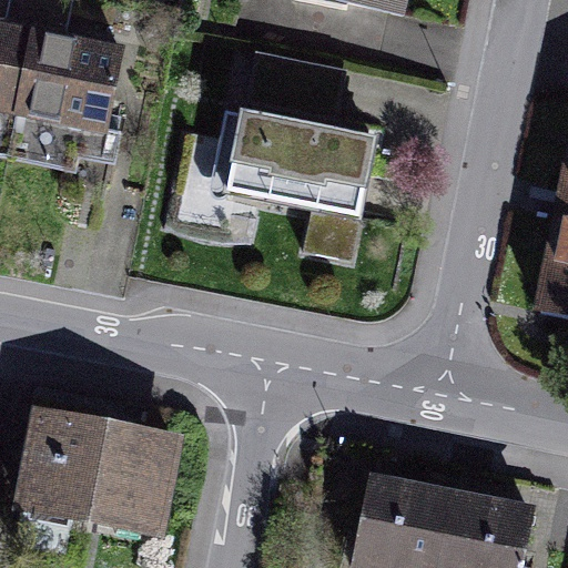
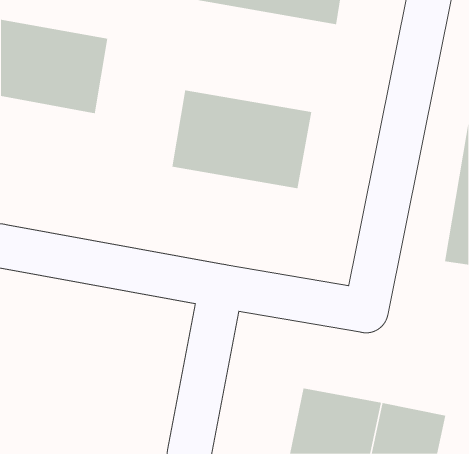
building: [9,402,180,540] -> none

